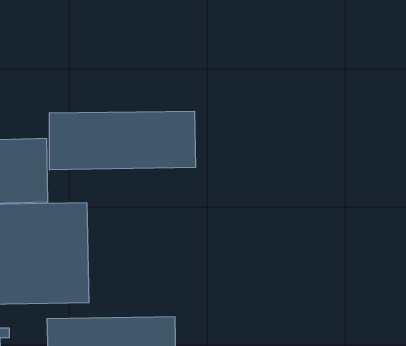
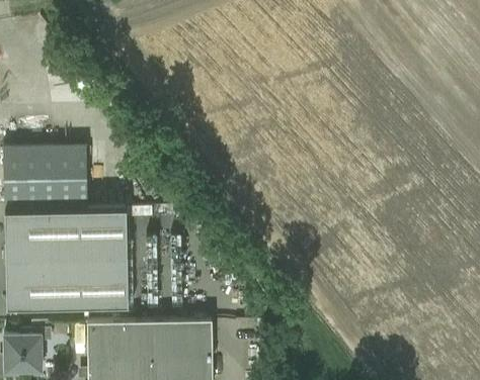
building: [49,111,195,170] -> none

